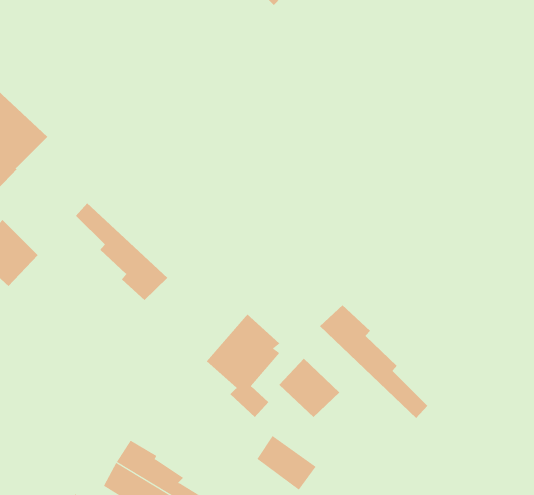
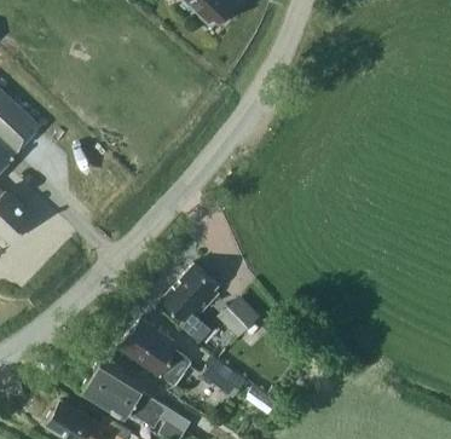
building: [75,202,168,301] -> none
building: [319,304,428,419] -> none
building: none -> [118,318,193,387]

